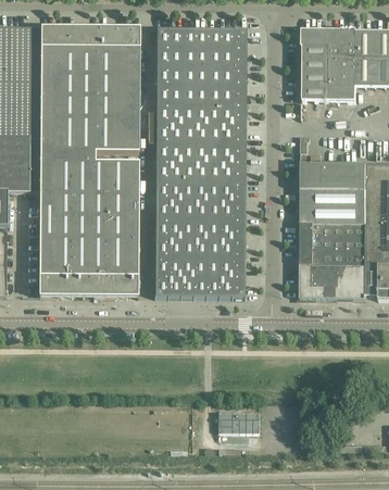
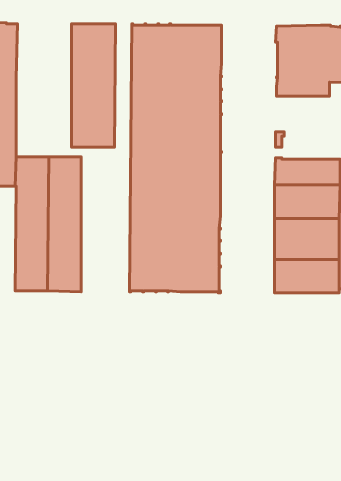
building: [40,26,96,161] -> none
building: [105,161,139,297] -> none
building: [218,412,259,431] -> none

